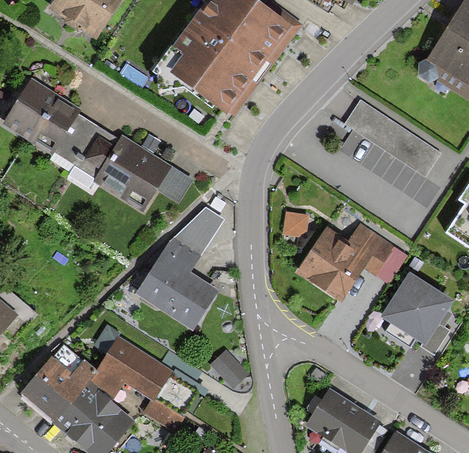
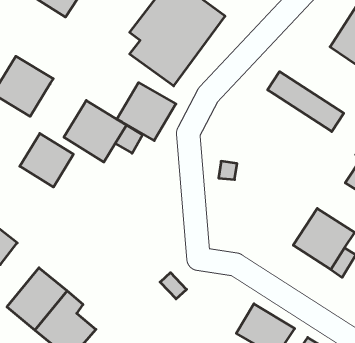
building: none -> [117,83,176,141]
building: [50,114,117,181] -> [20,133,73,187]
building: [139,216,215,326] -> none
building: [298,227,390,300] -> none
building: [96,337,194,426] -> none

